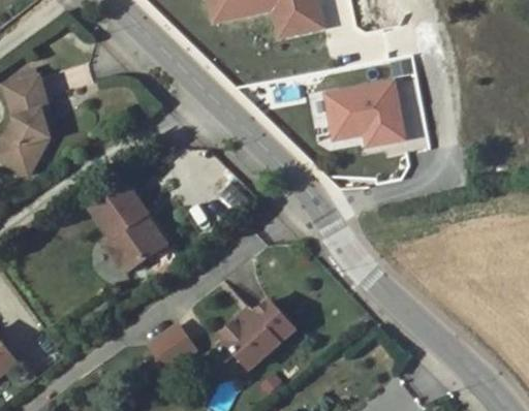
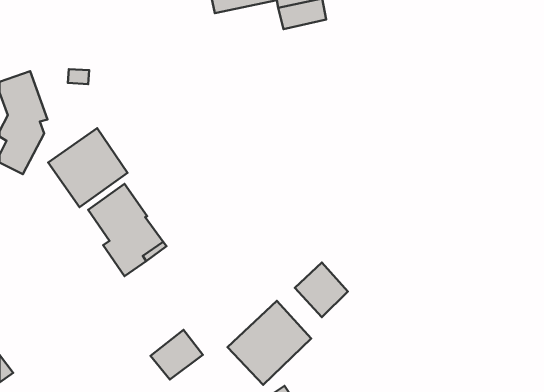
building: [325,77,411,150] -> none
building: none -> [48,128,128,207]
building: none -> [295,262,348,317]

